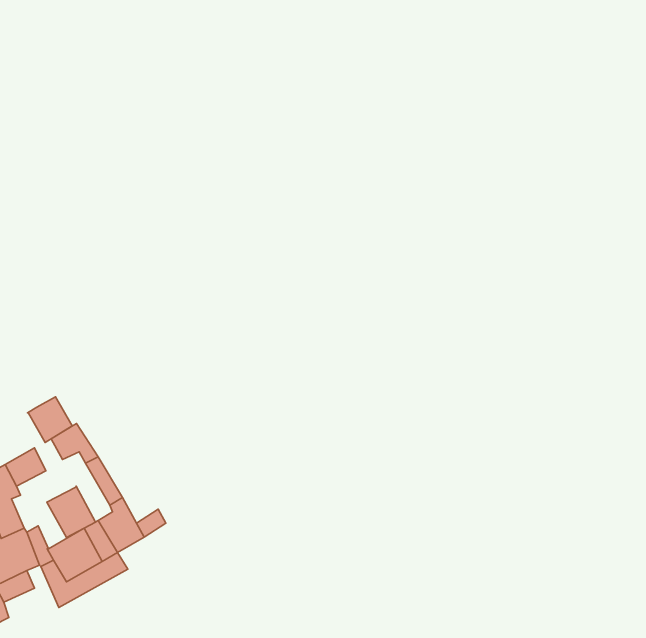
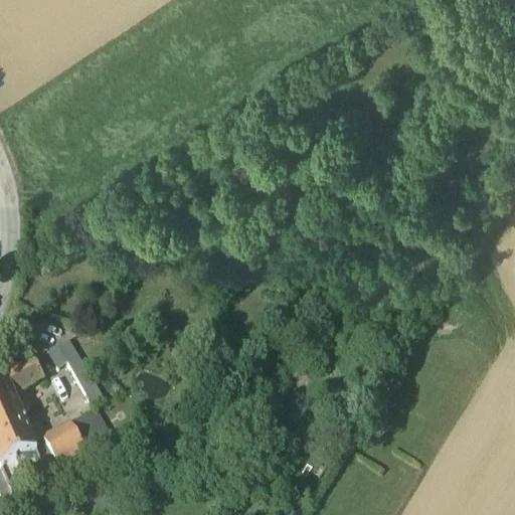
building: [27,397,72,442] -> none
building: [47,486,95,537] -> none

